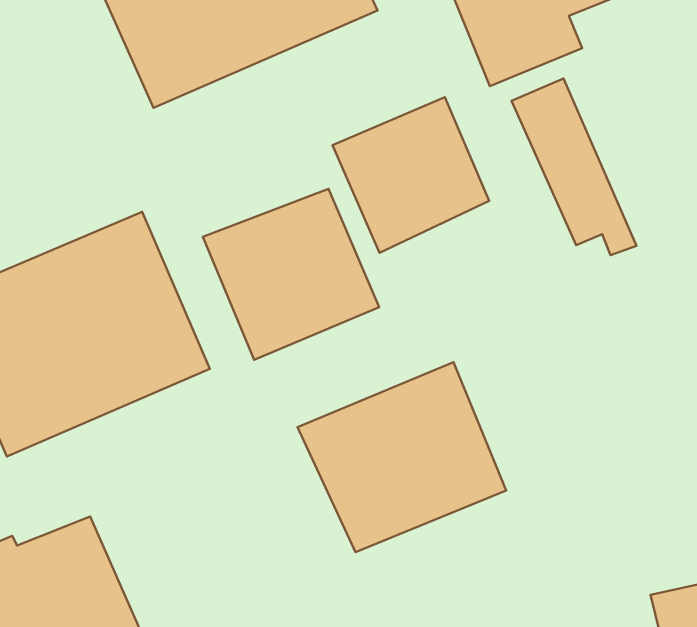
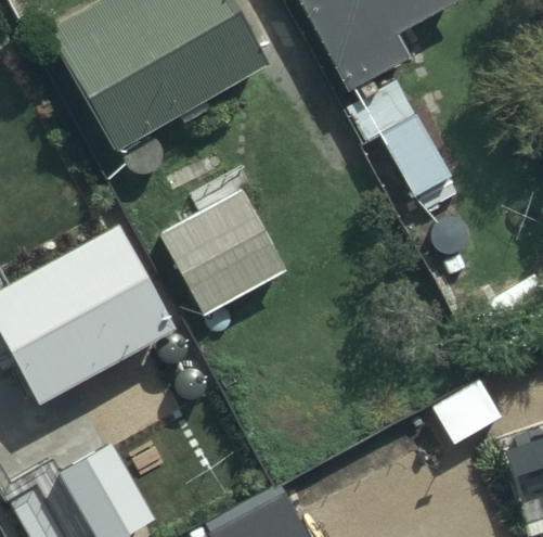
building: [333,97,489,253] -> none
building: [298,362,506,552] -> none

